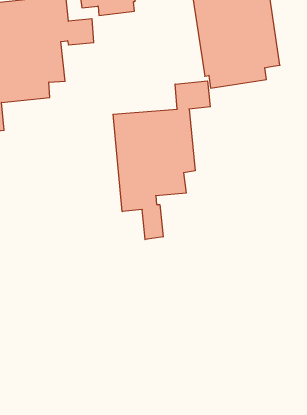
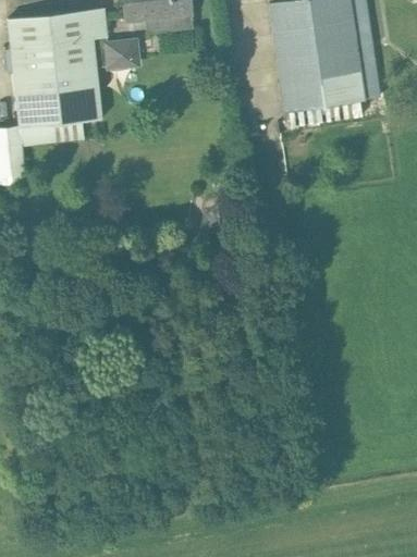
building: [113,81,210,240] -> none

